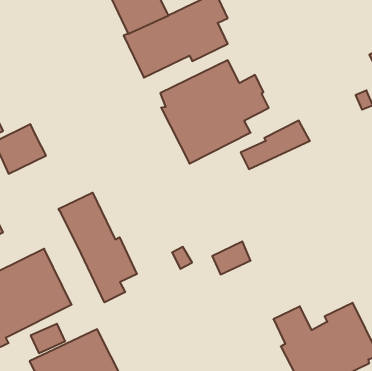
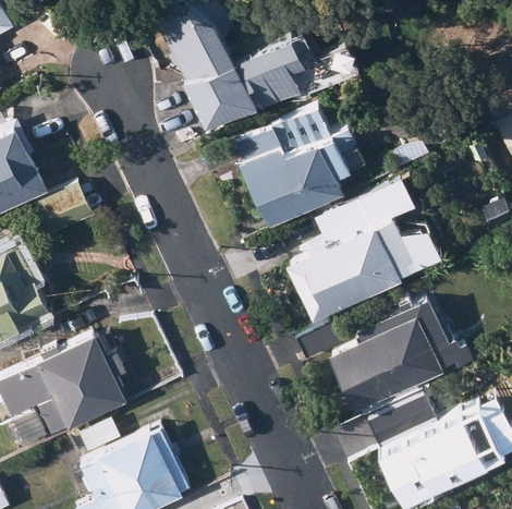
building: none -> [283,219,437,325]
building: [59,193,137,302] -> none
building: none -> [326,300,473,414]

